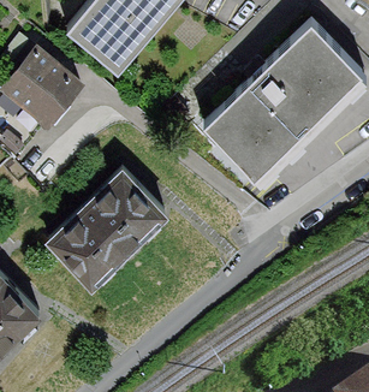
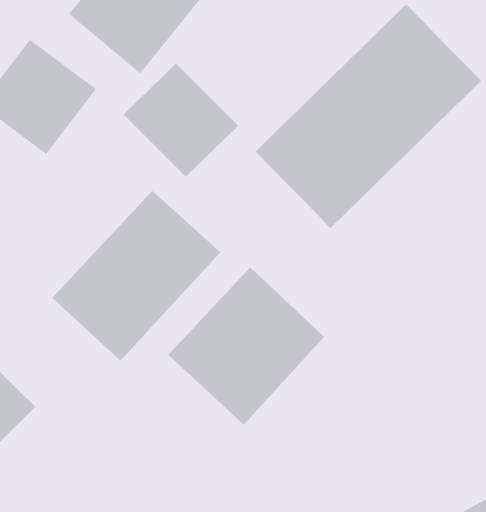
building: none -> [123,63,239,178]
building: none -> [168,266,325,426]

